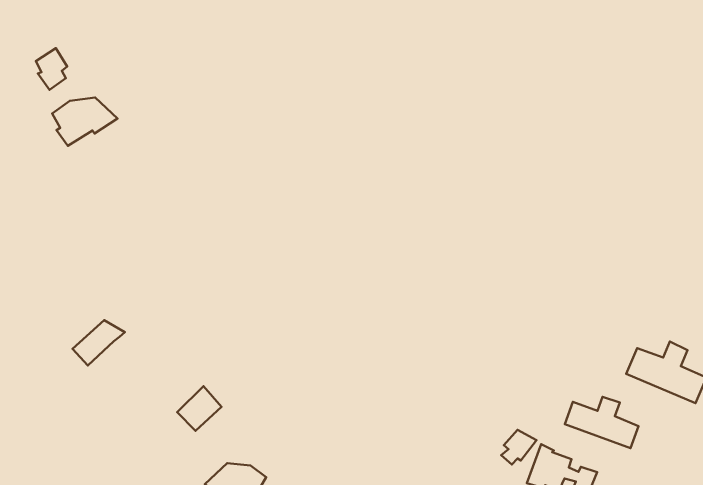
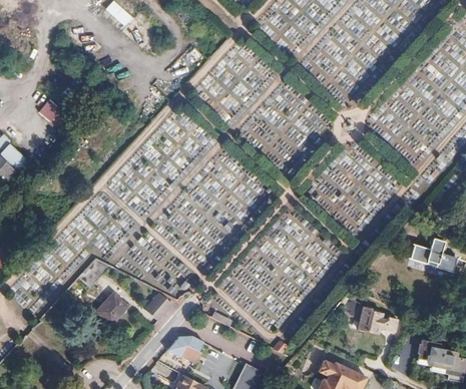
building: [52,98,117,146] -> none
building: none -> [95,292,125,323]
building: [565,397,639,448] -> none

